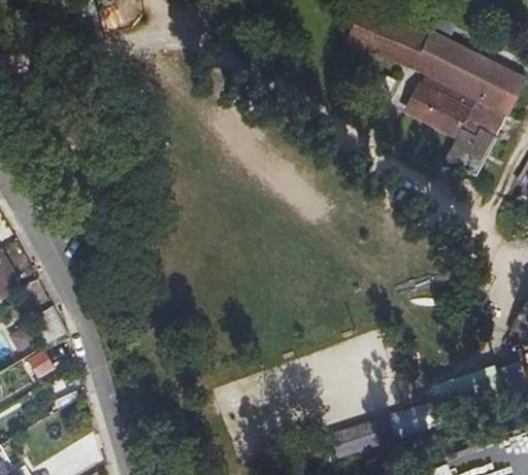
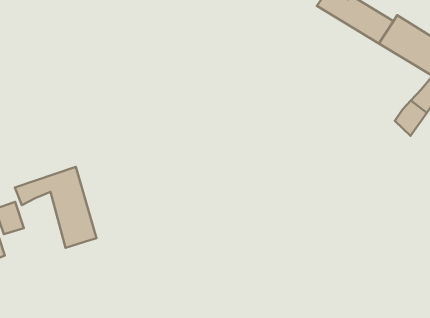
building: [408,88,474,137] -> none
building: none -> [15,167,96,248]

